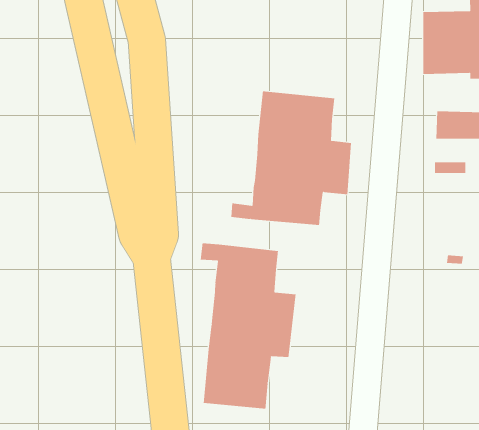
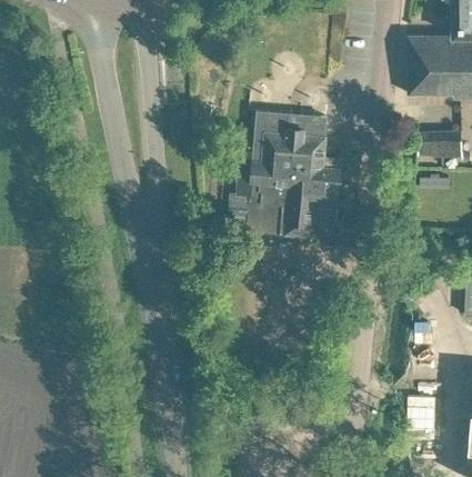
building: [200,243,296,409] -> none

